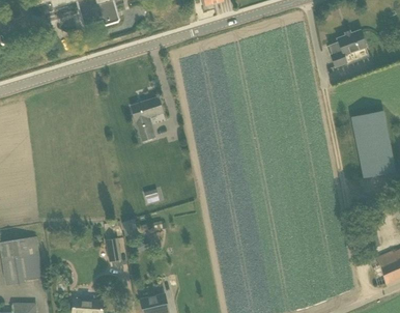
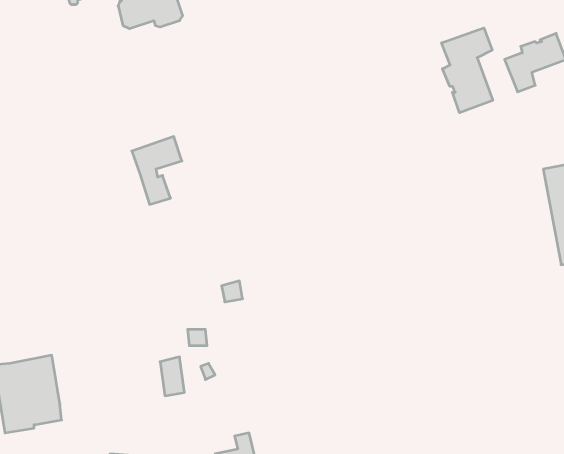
building: none -> [442,28,493,113]
building: [131,96,163,140] -> [132,137,182,204]

